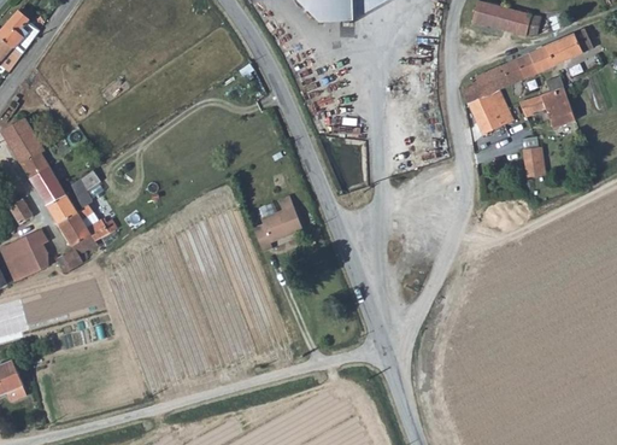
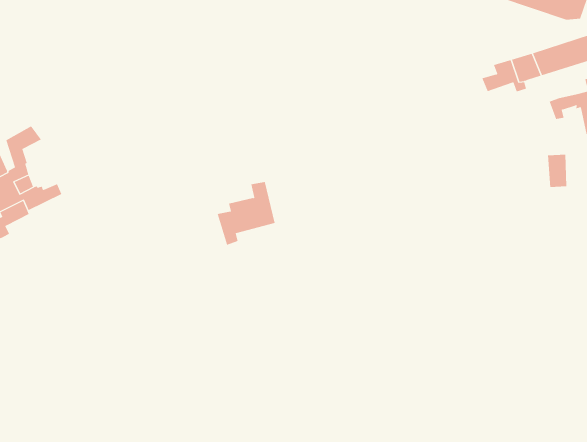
building: [466,92,513,134] -> none

